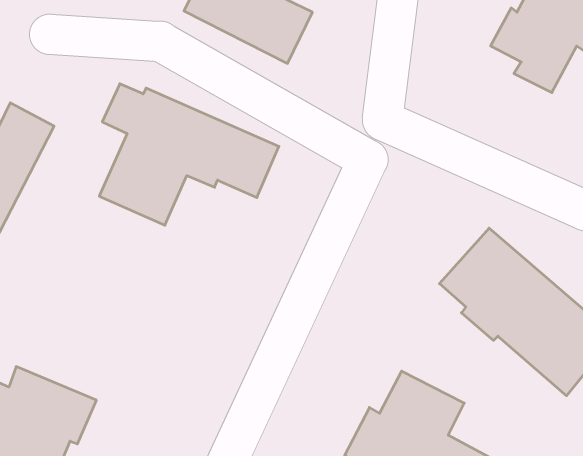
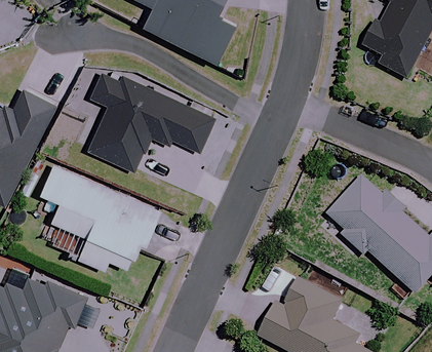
building: none -> [39,163,161,271]

